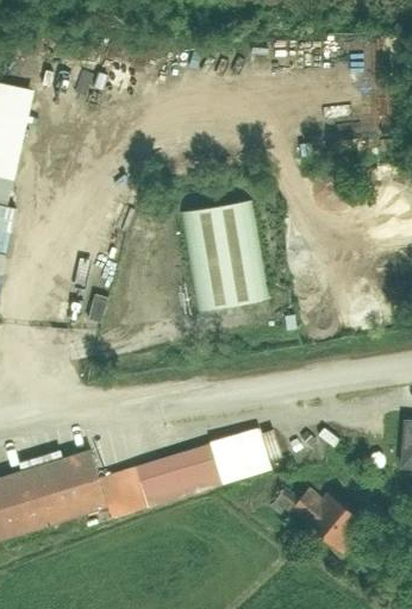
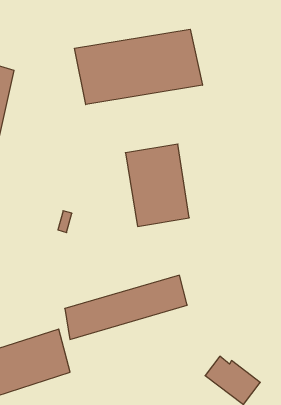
building: none -> [75,29,202,105]
building: [104,429,270,516] -> [65,275,187,339]

